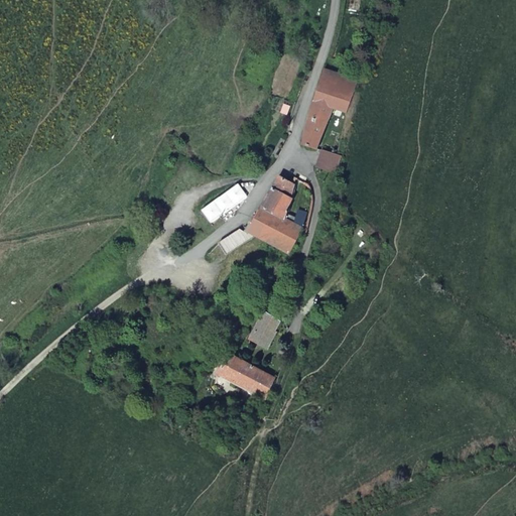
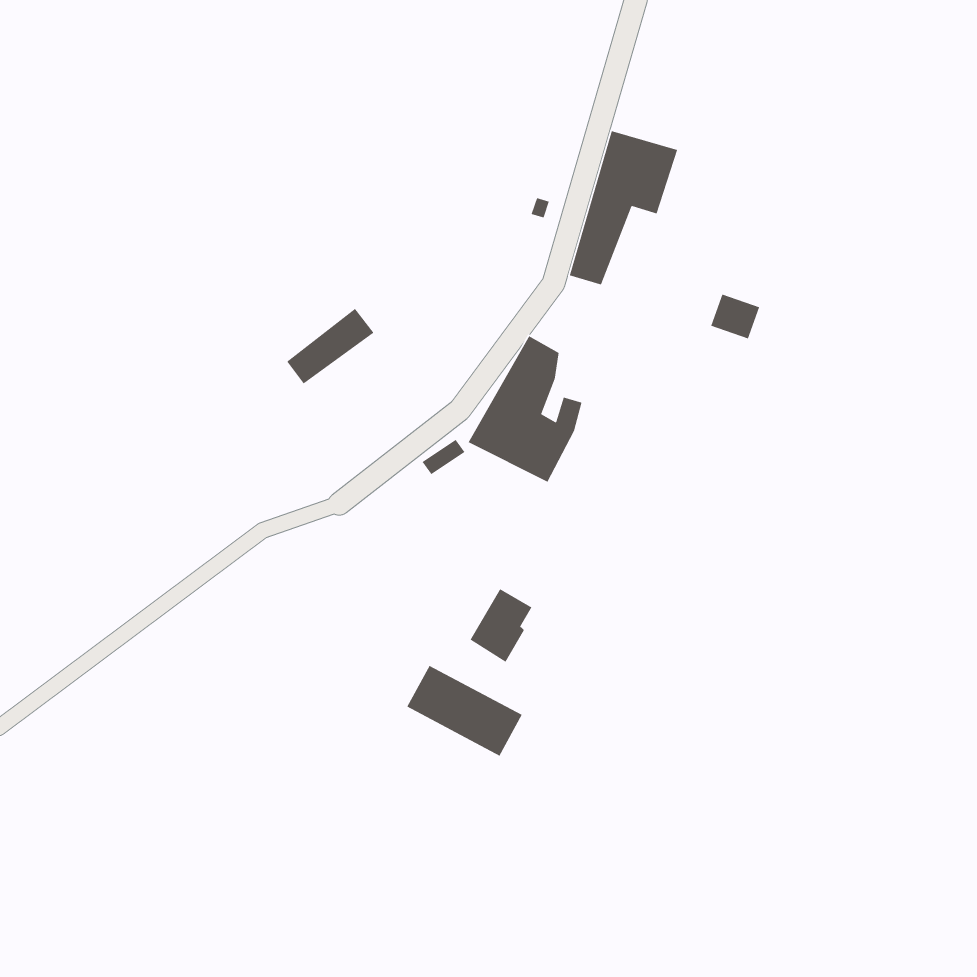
building: [314,149,341,173] -> [710,294,760,340]
building: [201,183,247,224] -> [286,308,374,385]

